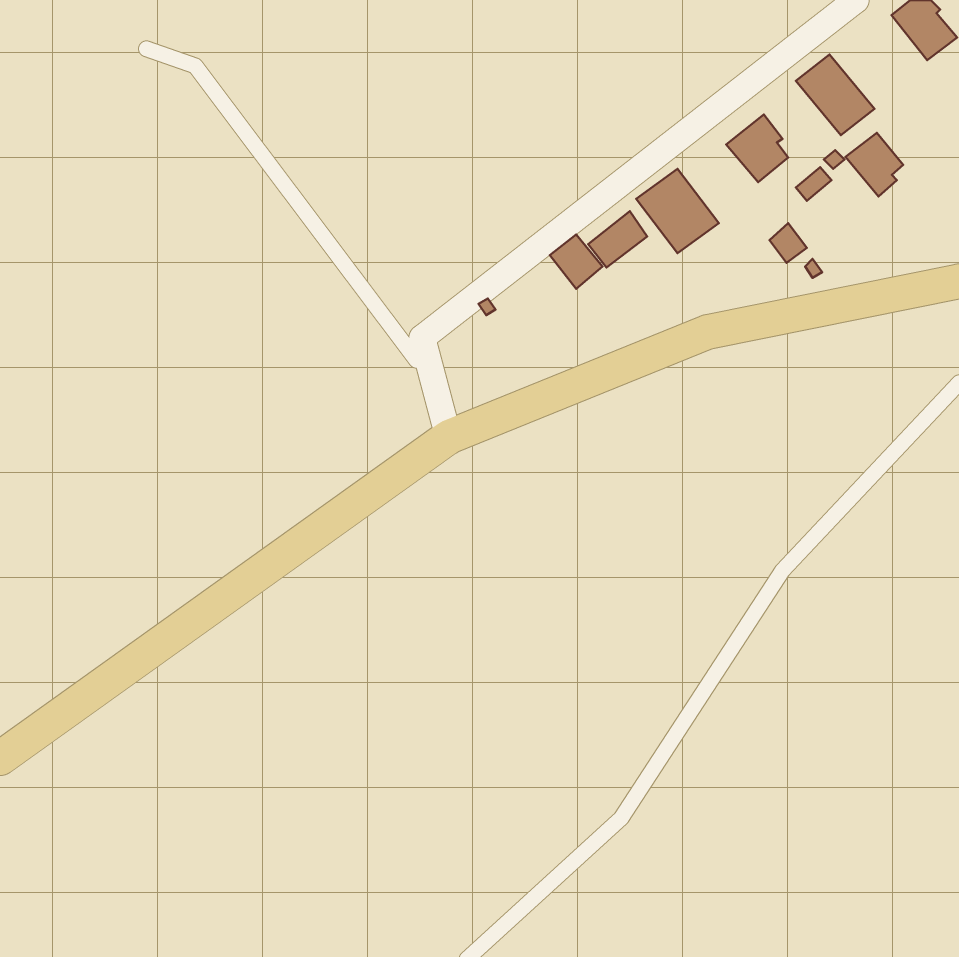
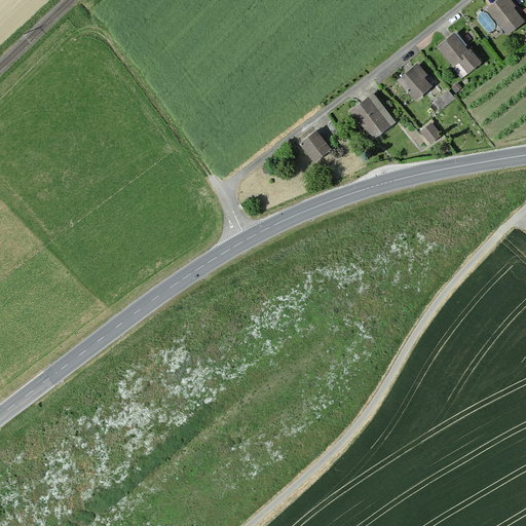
building: [846,133,903,196] -> none
building: [588,211,647,267] -> none

